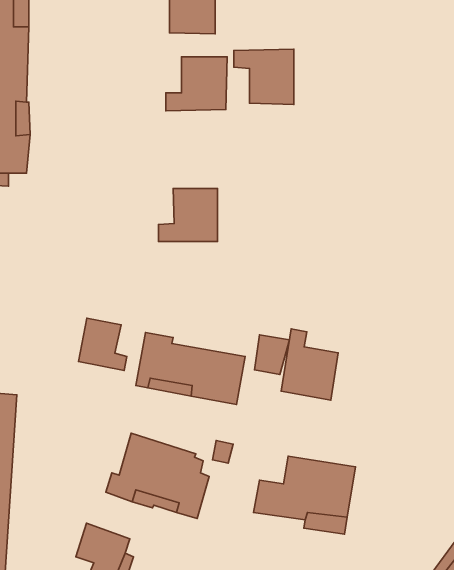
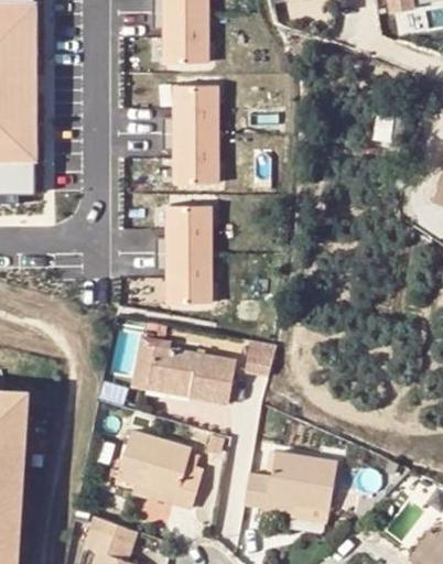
building: [234,49,294,104] -> [163,133,218,184]
building: none -> [156,254,210,303]
building: [78,318,127,370] -> none
building: [281,329,338,400] -> none

